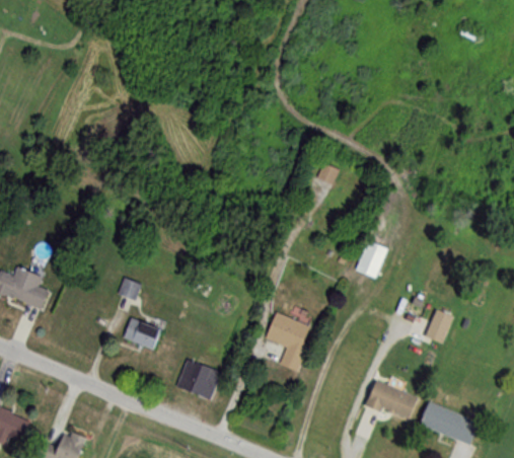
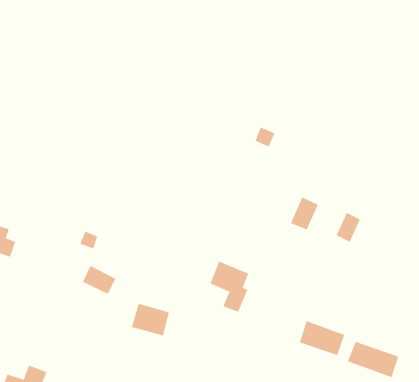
building: [425,309,453,343] -> [336,212,361,243]

